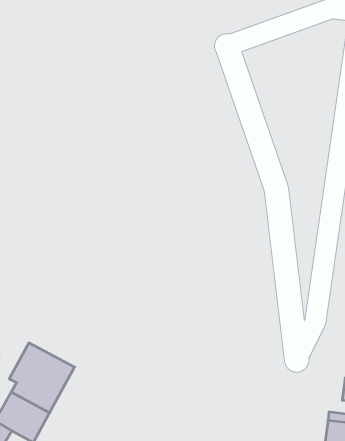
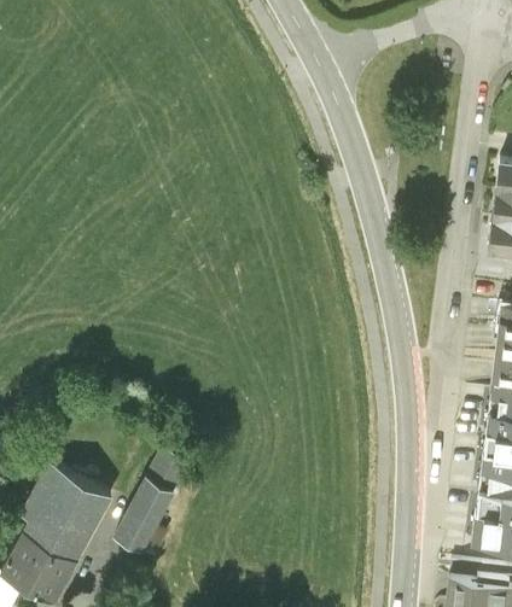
building: none -> [116,454,187,553]

